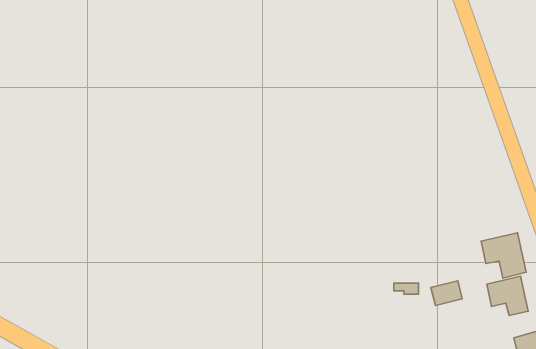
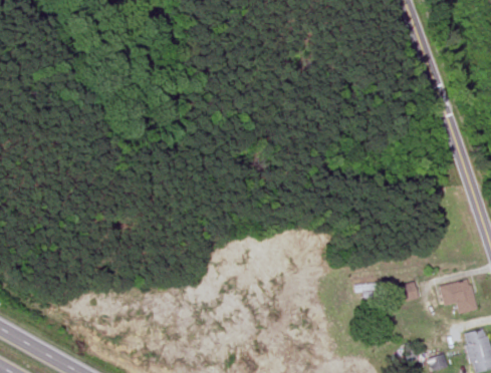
building: [481,233,526,278] -> none

